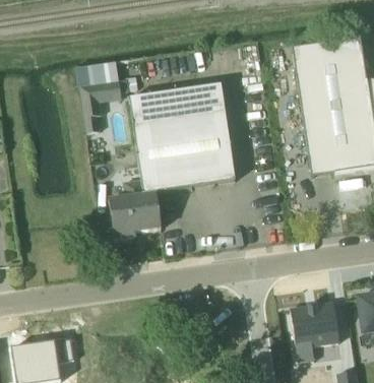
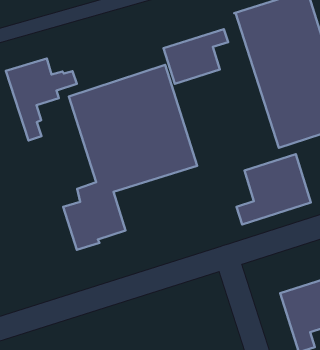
building: none -> [164,29,228,84]
building: none -> [236,154,311,224]

